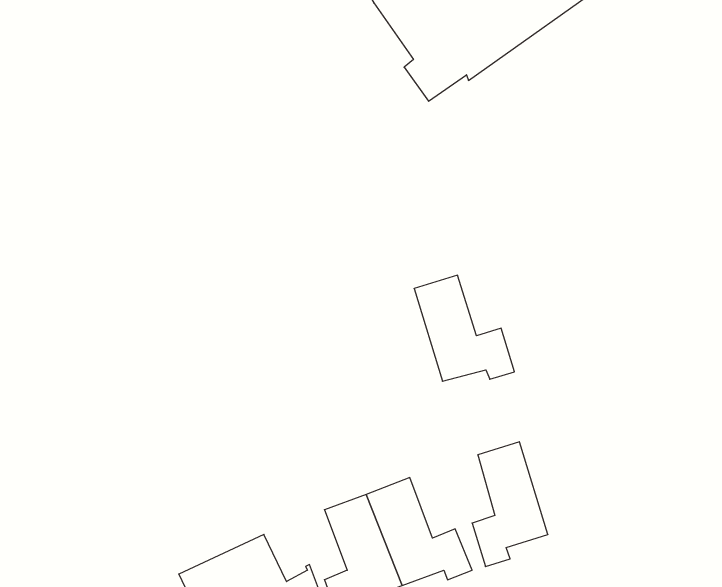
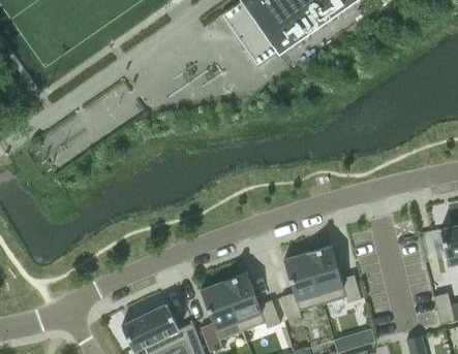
building: [414,275,514,381] -> [307,246,362,303]

